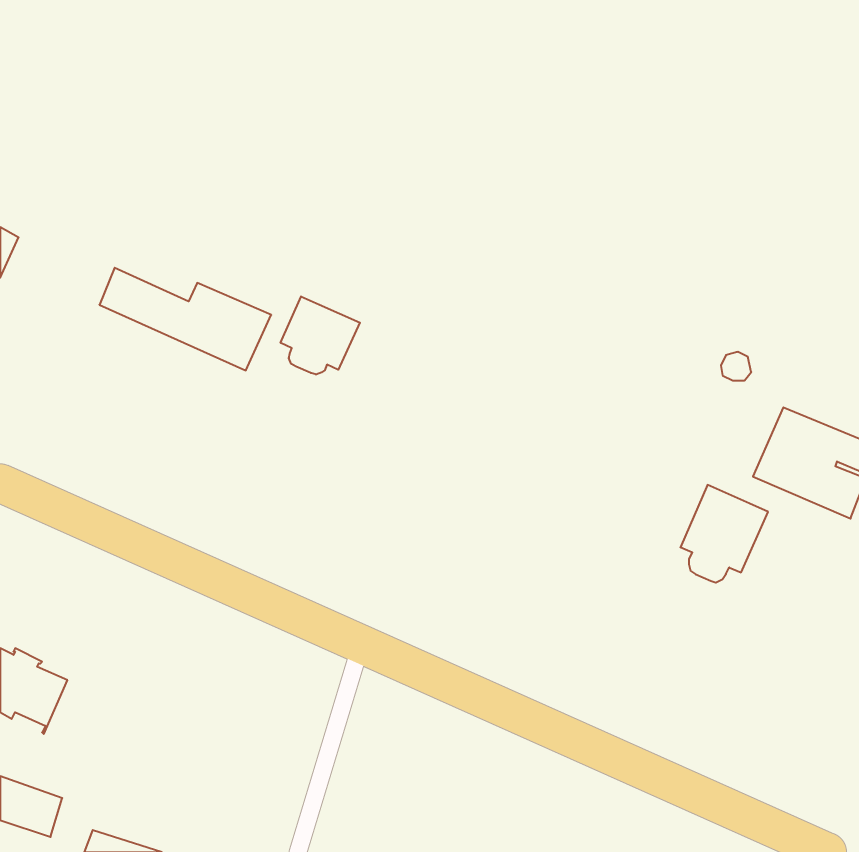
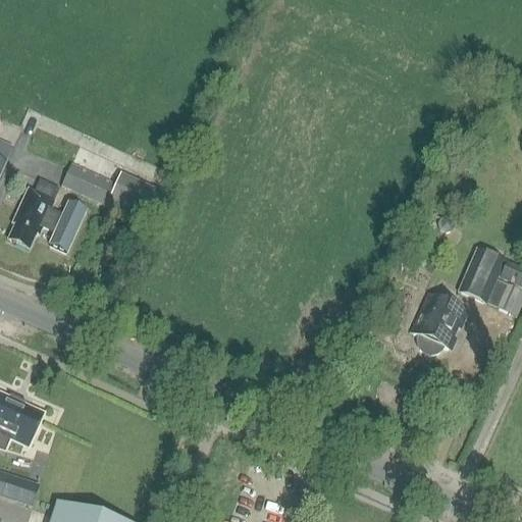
building: none -> [8,177,86,250]
building: [281,296,360,375] -> none

